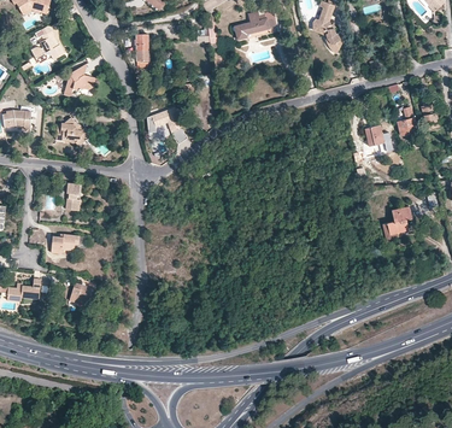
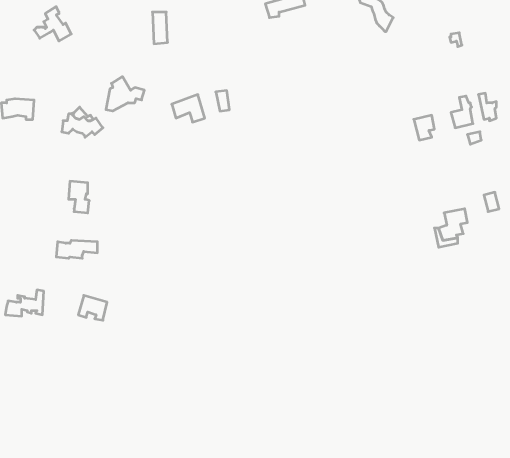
building: [65,66,99,96] -> [106,77,144,111]

